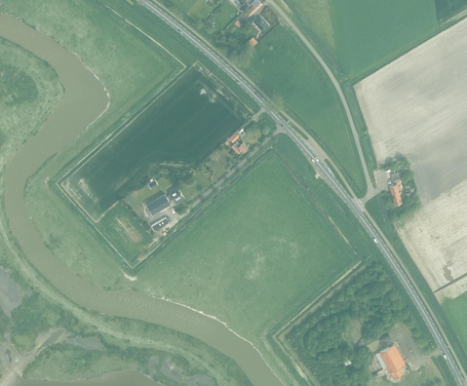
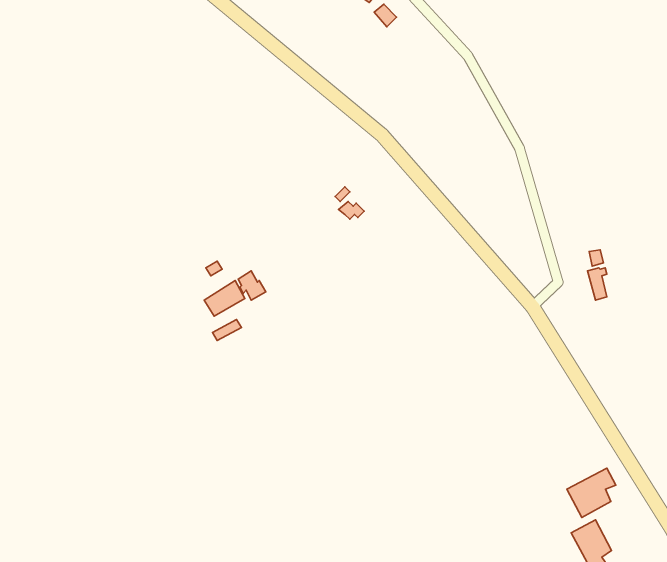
building: none -> [567,468,616,517]

